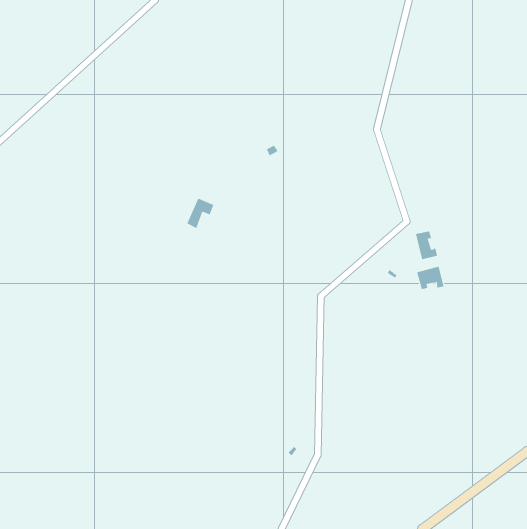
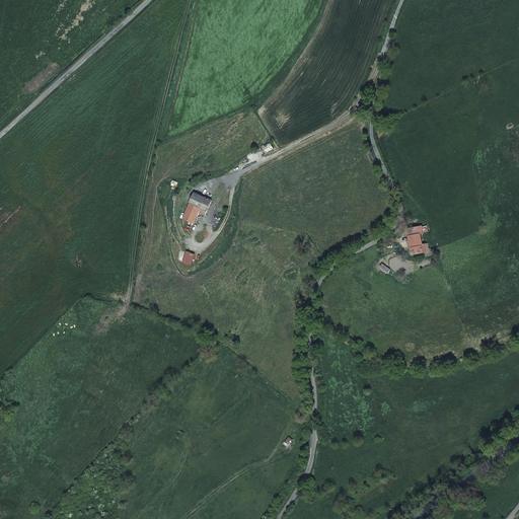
building: [416,266,444,290] -> none

